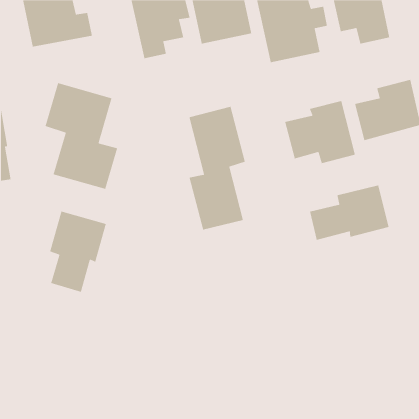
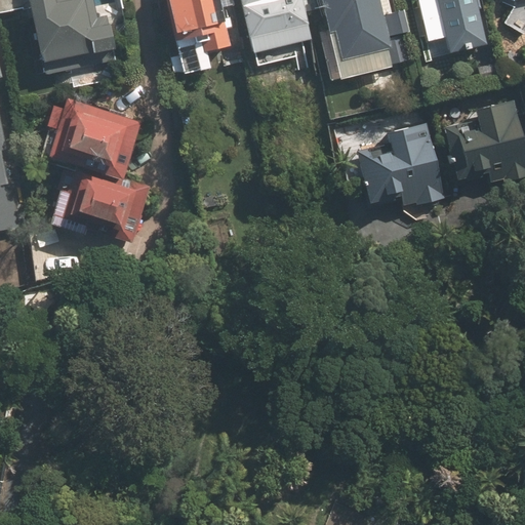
building: [188,106,246,231] -> none
building: [309,184,390,241] -> none
building: [49,211,107,293] -> none

